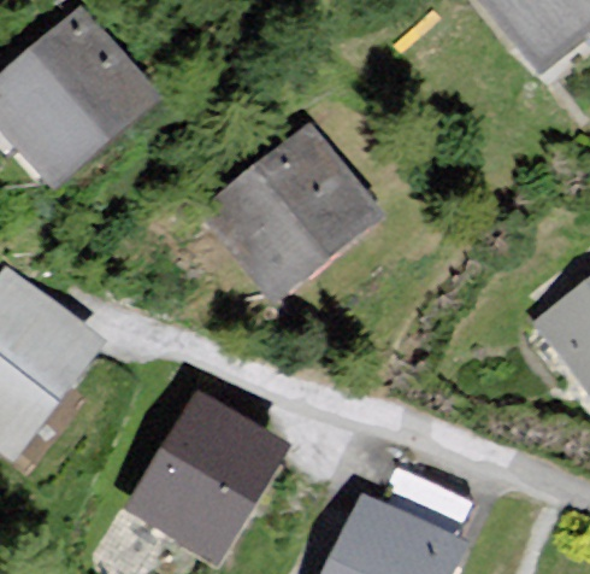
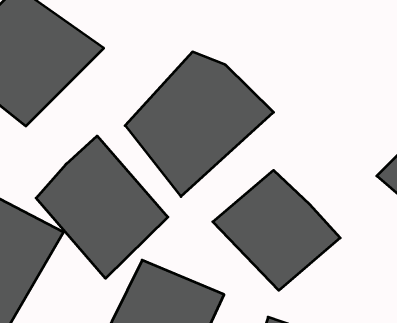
building: none -> [36,136,168,278]
building: none -> [213,170,340,290]

